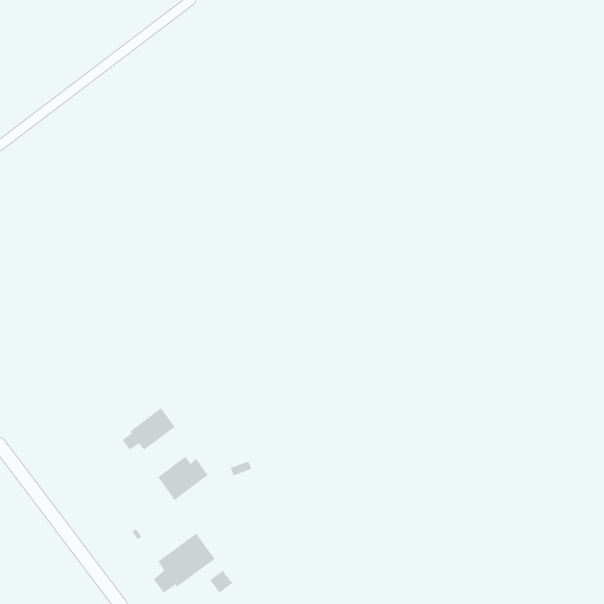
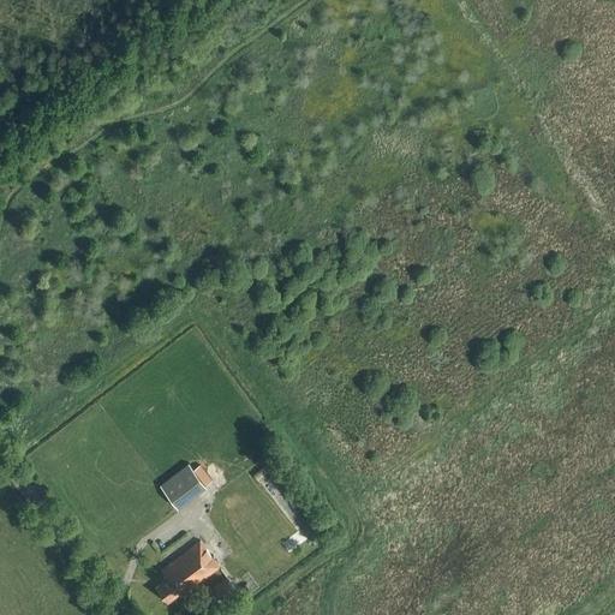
building: [122,408,176,451] -> none

